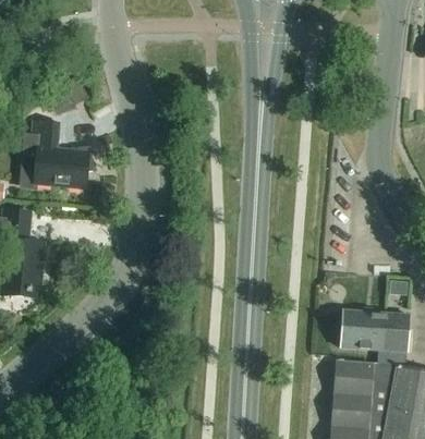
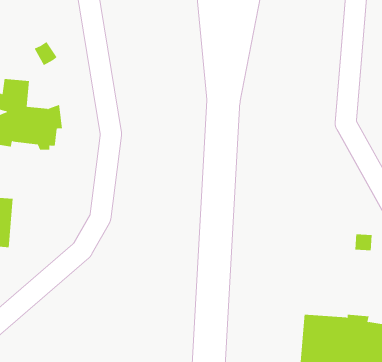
building: [339,309,409,361] -> none

